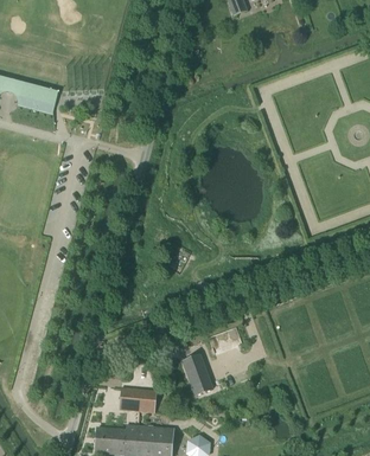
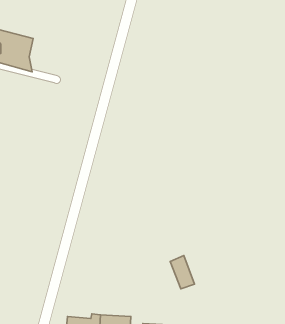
building: [183,353,212,393] -> [170,256,194,289]
building: [117,385,155,410] -> none

